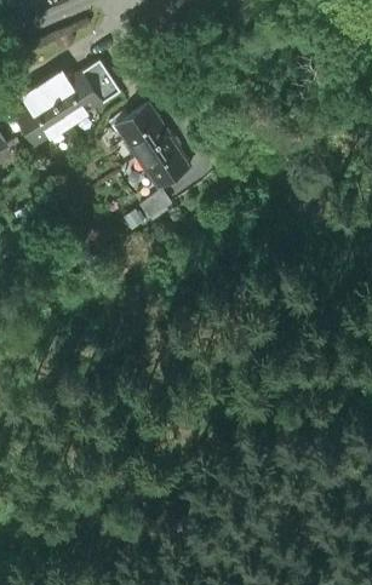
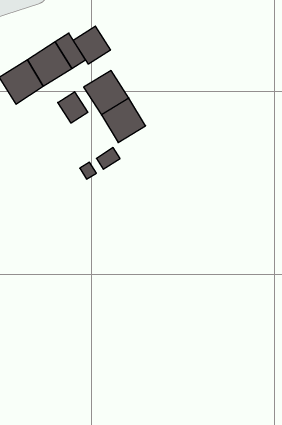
building: none -> [73,26,110,64]
building: none -> [58,92,88,123]

